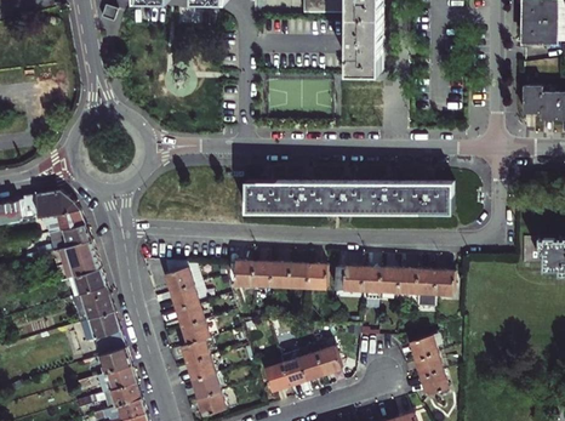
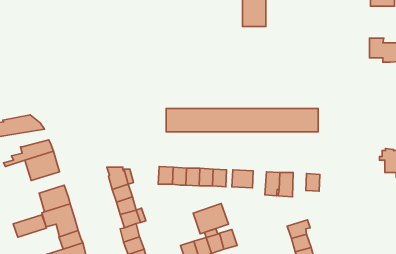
building: [41,210,84,234] -> none
building: [360,267,381,300] -> none
building: [59,268,104,298] -> [13,215,46,237]
building: [415,269,435,311] -> none
building: none -> [193,204,228,234]

